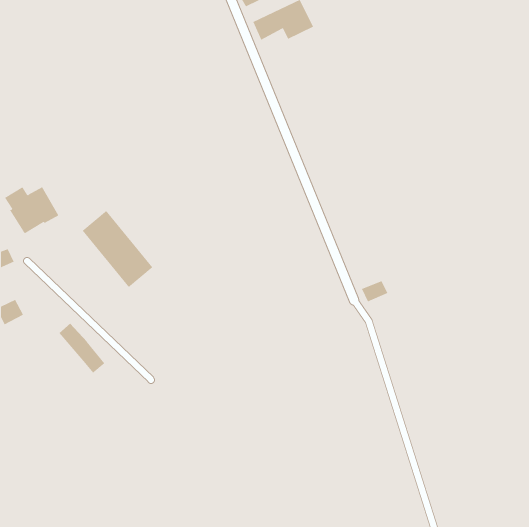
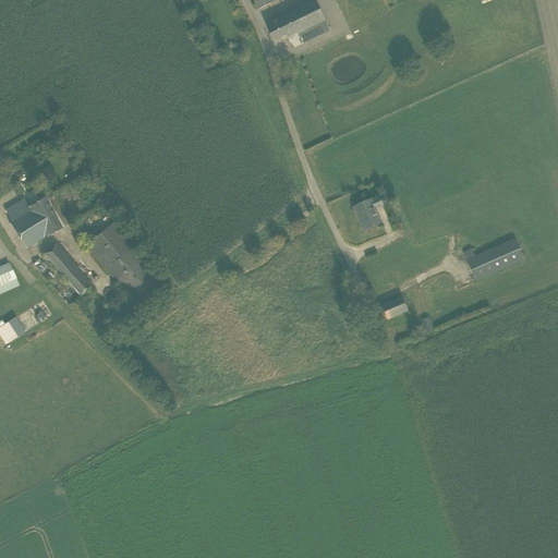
building: none -> [354,196,383,229]
building: none -> [463,236,524,279]
building: [59,323,105,374] -> [44,242,93,295]

